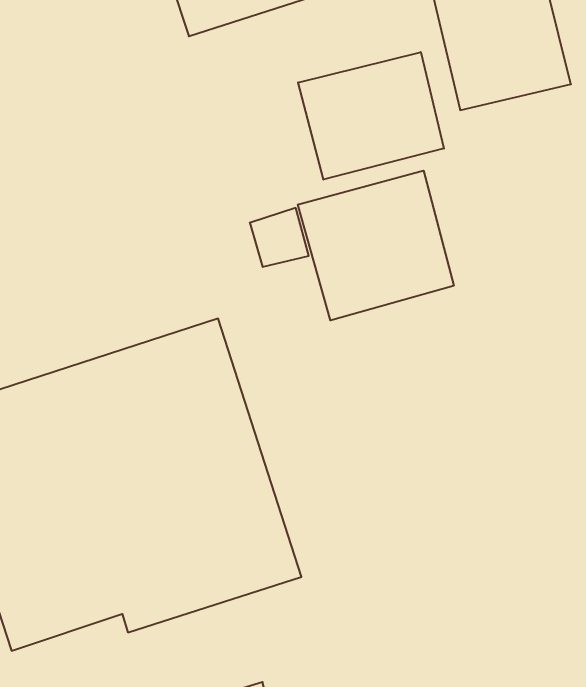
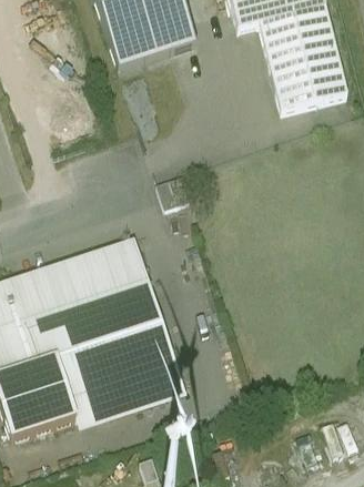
building: [298,52,444,180] -> none
building: [298,171,454,320] -> none

